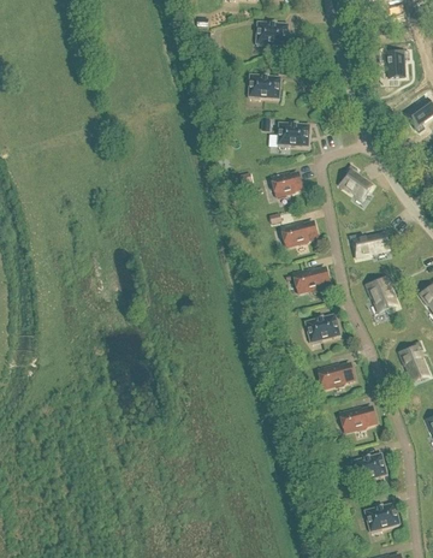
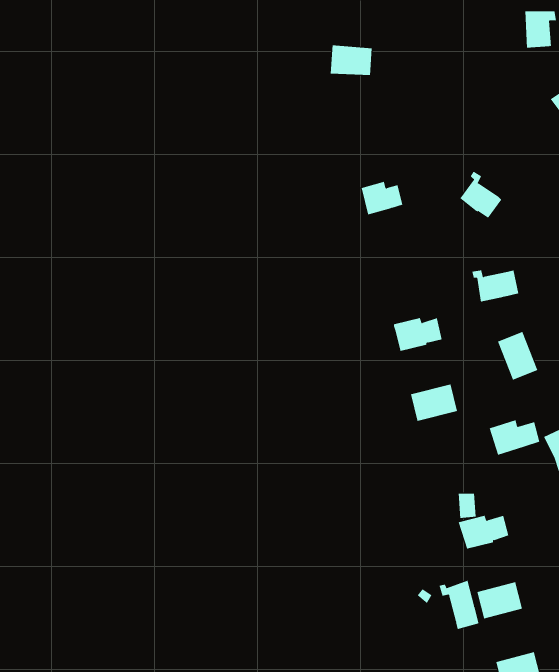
building: [278,124,308,146] -> none
building: [281,221,316,247] -> none
building: [318,363,354,388] -> [489,420,540,455]
building: none -> [439,580,479,630]

